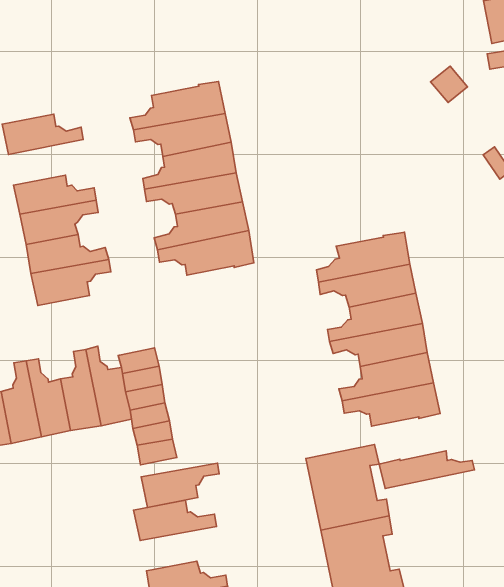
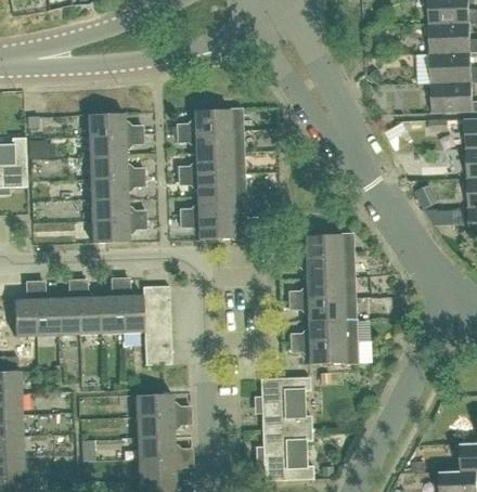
building: none -> [89,133,143,157]
building: [379,451,475,488] -> none
building: [141,463,219,507] -> [137,415,191,438]

